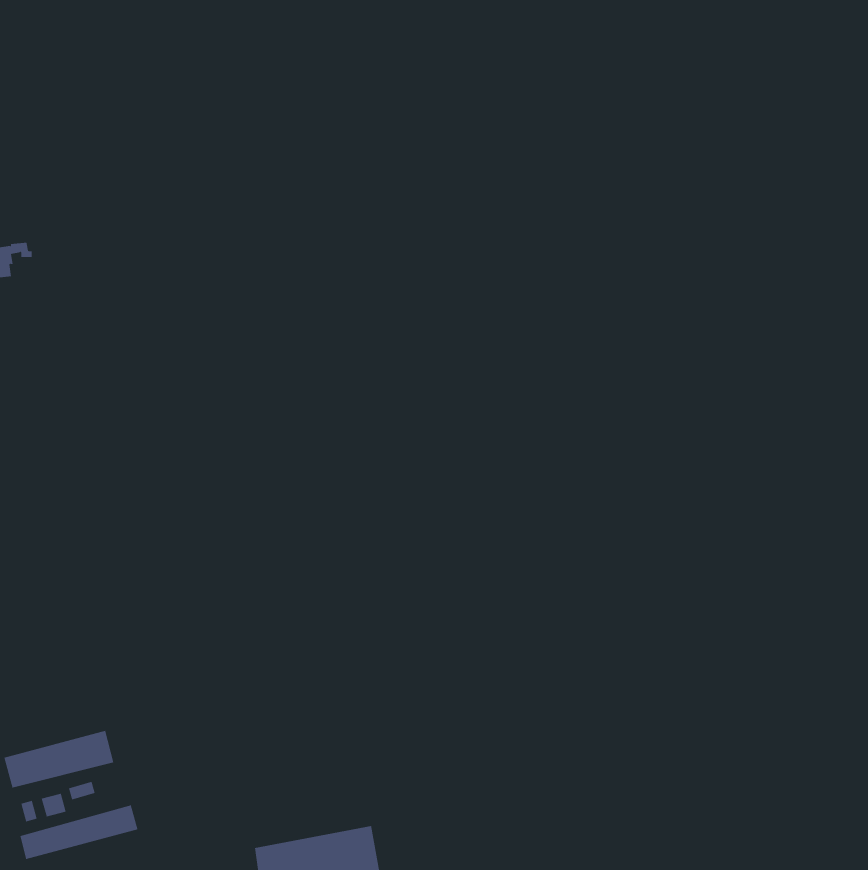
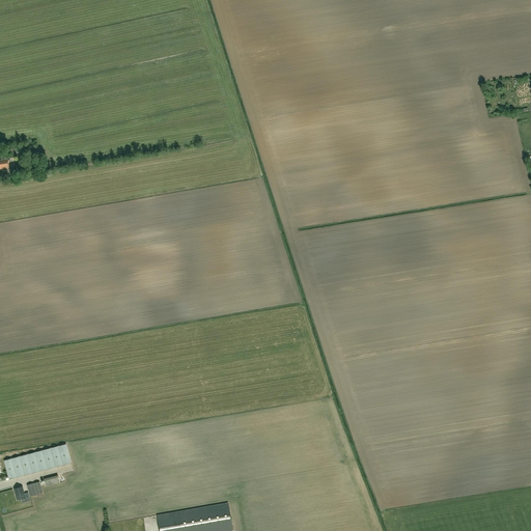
building: [20,804,138,860] -> none

